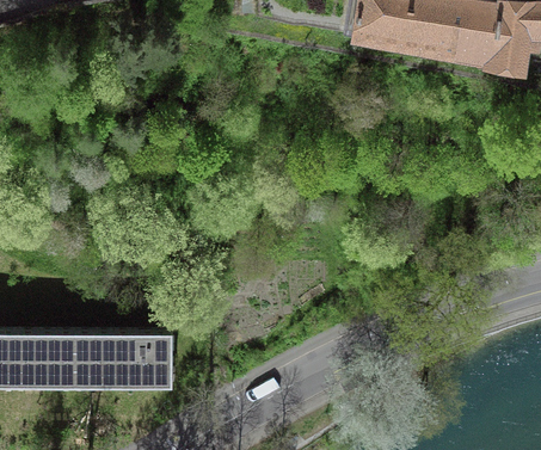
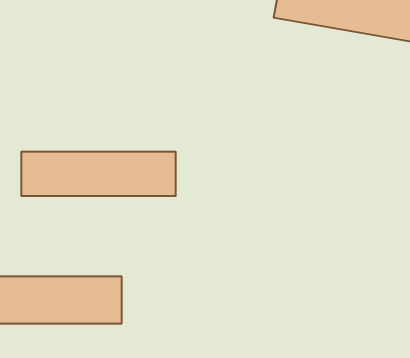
building: none -> [21,152,176,196]

